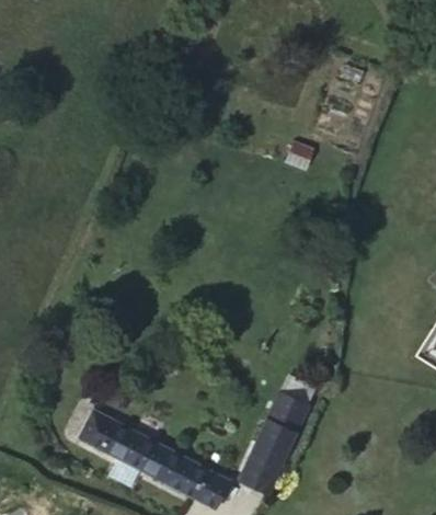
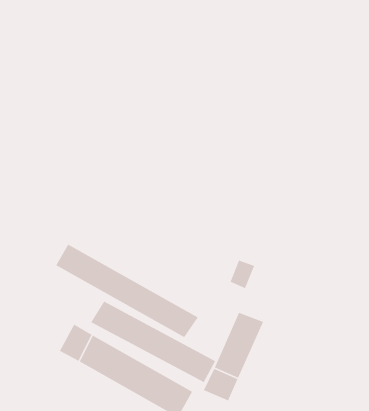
building: none -> [55,244,199,338]
building: none -> [90,301,216,383]

